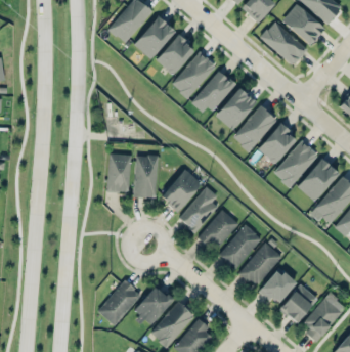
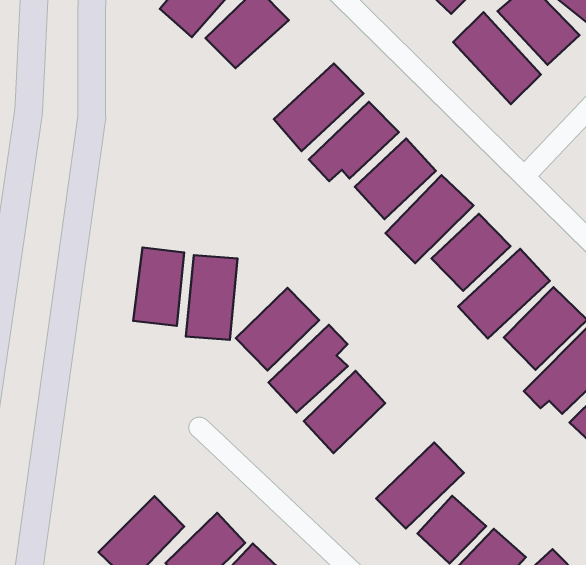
building: [156,35,195,75] -> none
building: [219,224,262,270] -> none

